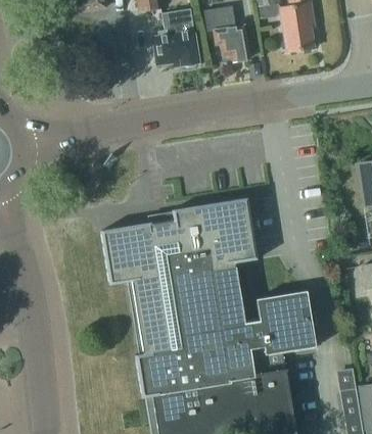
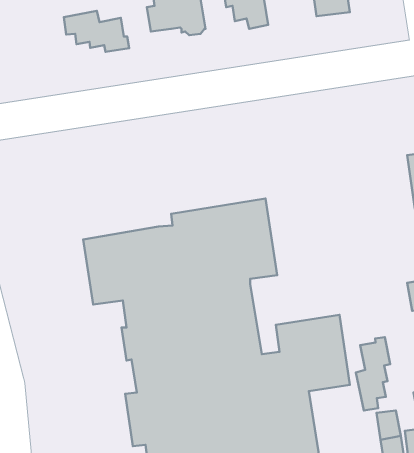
building: none -> [64,11,129,52]
building: none -> [356,337,390,411]

